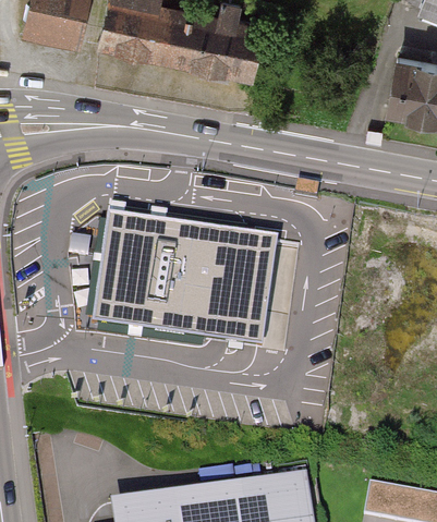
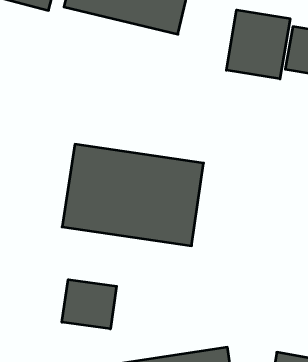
building: none -> [226,10,290,79]
building: none -> [62,280,117,329]

